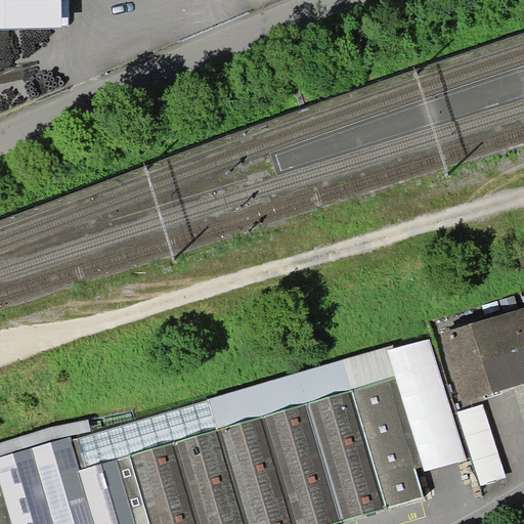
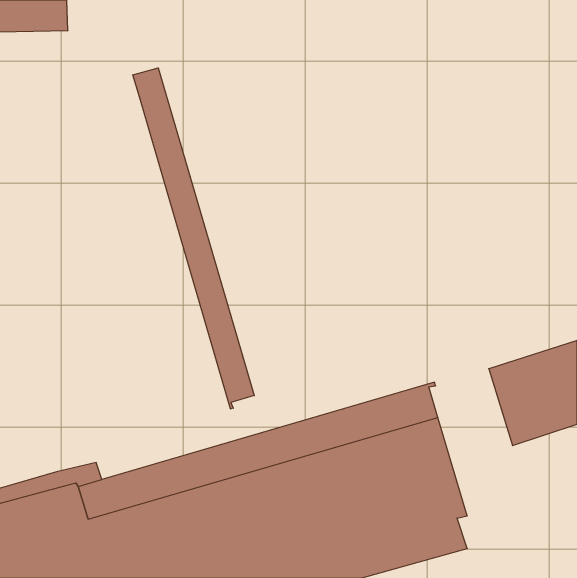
building: none -> [133,68,254,409]
building: [388,338,466,471] -> none
building: [456,404,506,485] -> none

